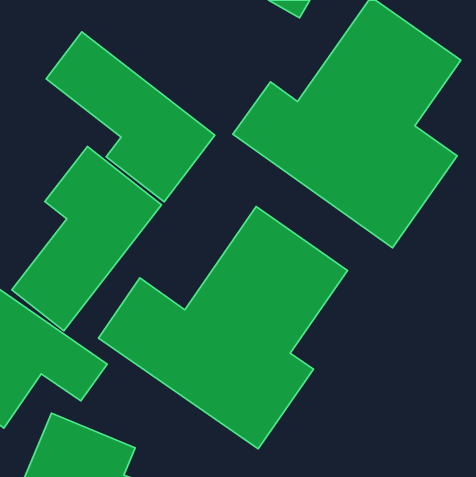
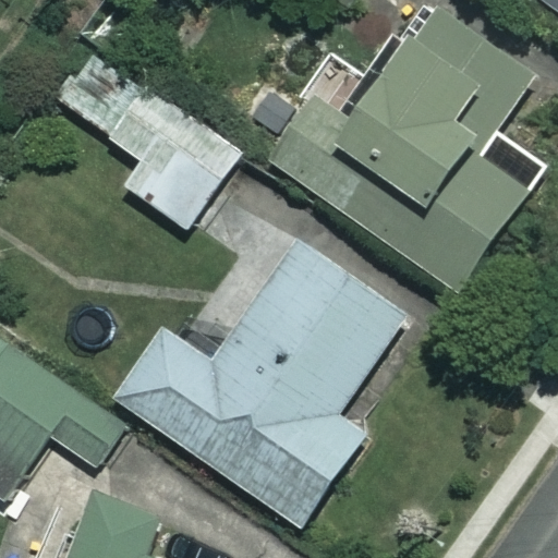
building: [12,147,162,331] -> none

